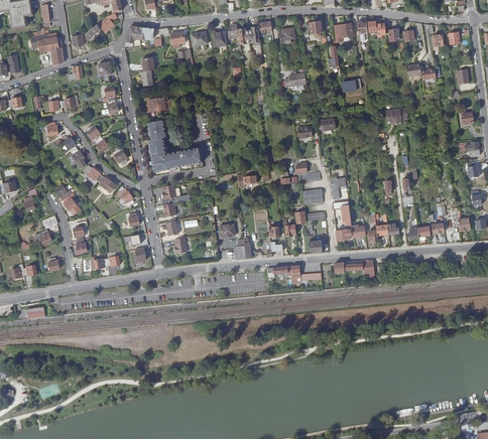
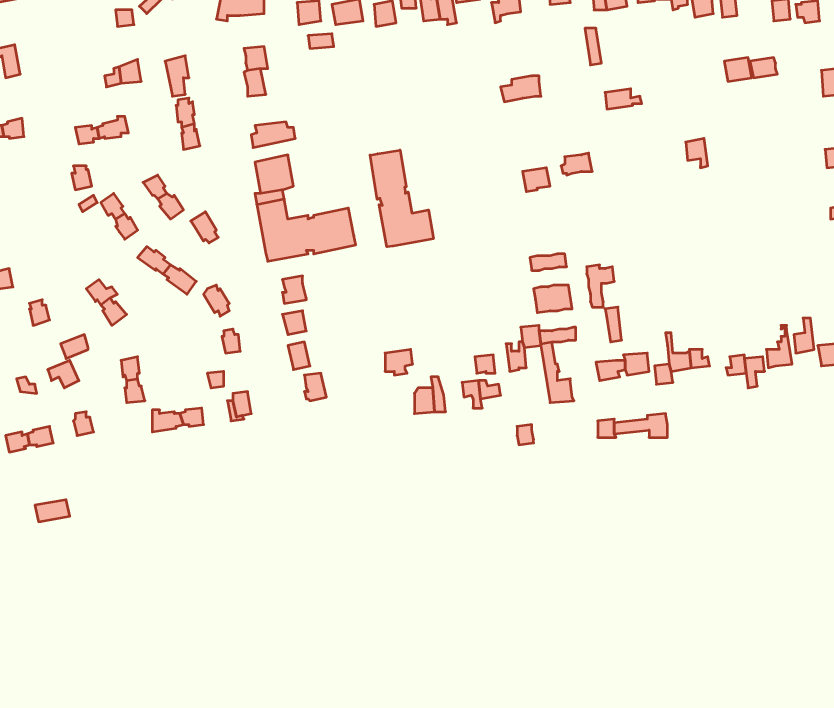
building: [30,37,63,65] -> none
building: none -> [370,150,433,247]

